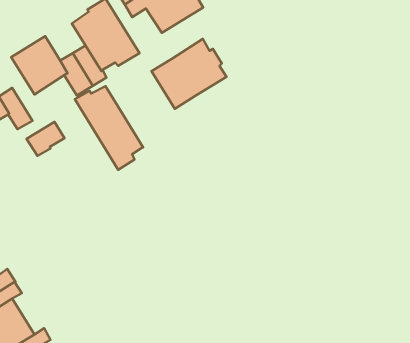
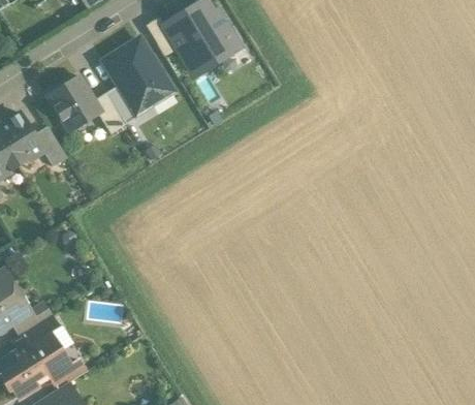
building: [151,39,226,109] -> none
building: [75,86,143,170] -> none
building: [26,122,64,156] -> none

